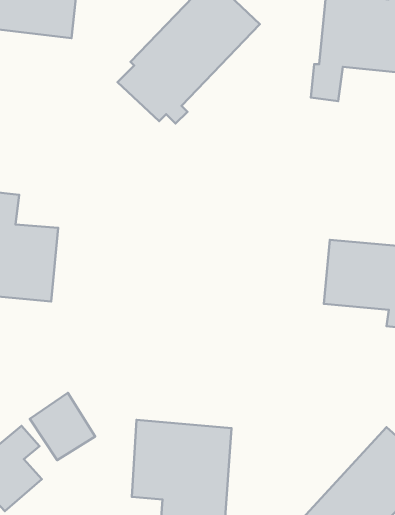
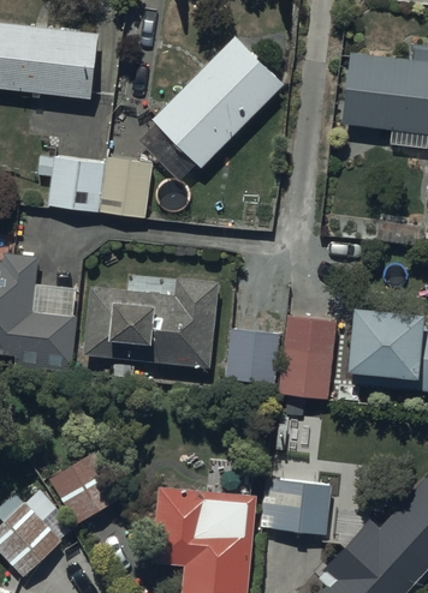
building: none -> [37,156,149,218]
building: none -> [83,277,216,369]
building: none -> [283,317,335,382]
building: none -> [225,329,279,383]
building: none -> [267,479,331,535]

